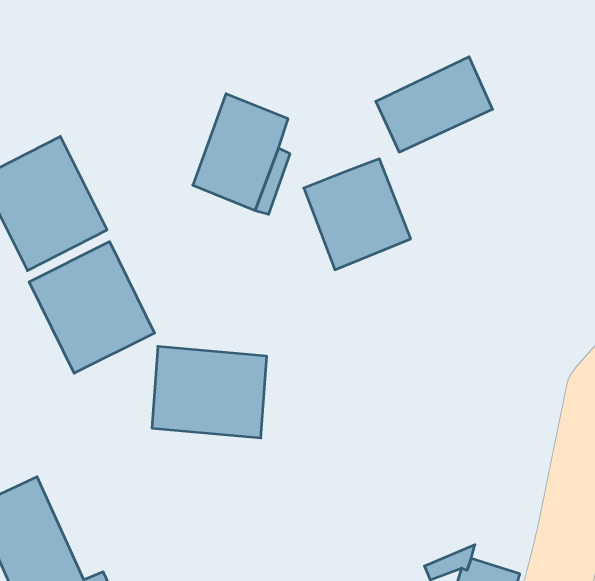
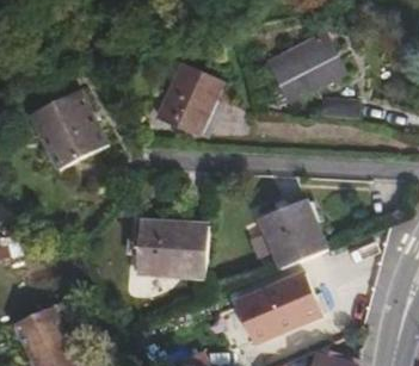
building: [304,159,411,270] -> [259,200,325,268]
building: [29,242,155,373] -> none
building: none -> [239,274,321,340]

